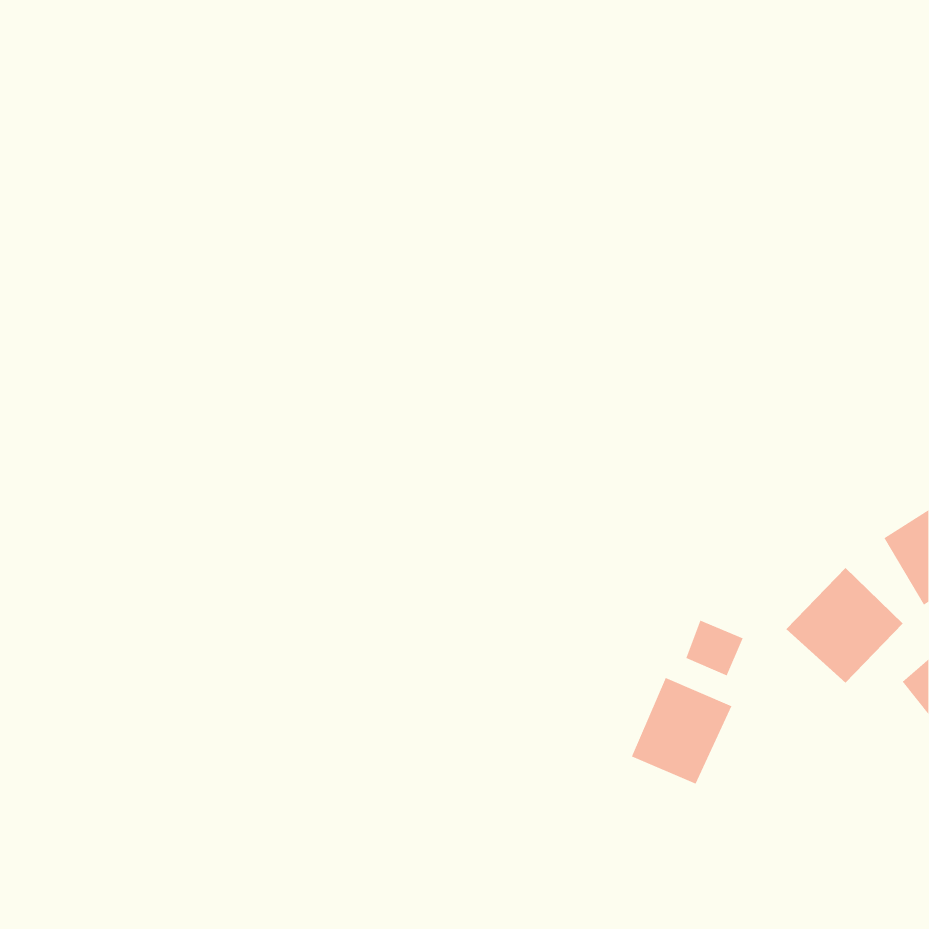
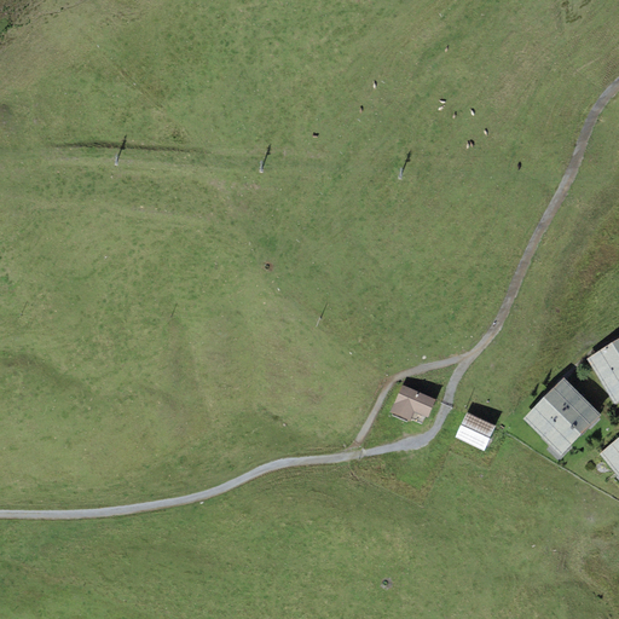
building: none -> [391,384,436,420]
building: [631,677,732,785] -> none

